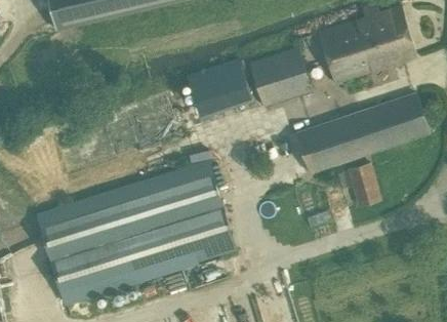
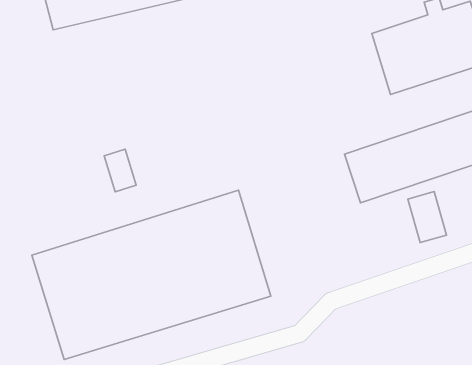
building: [249,47,311,106] -> none
building: [186,59,251,117] -> none
building: none -> [104,149,136,192]

